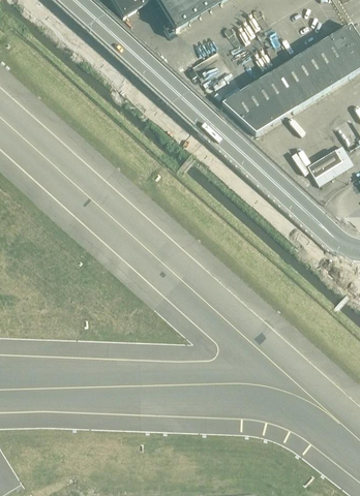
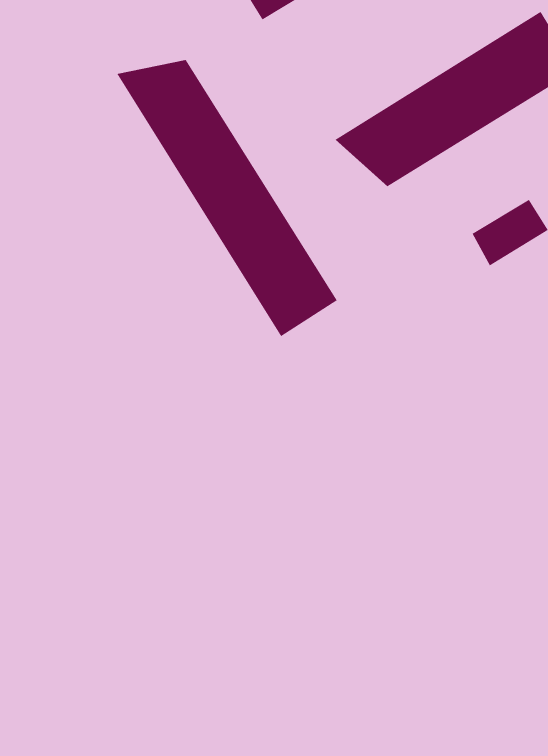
building: none -> [116,59,338,337]

